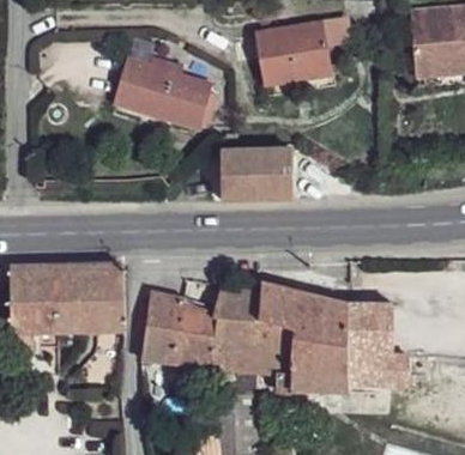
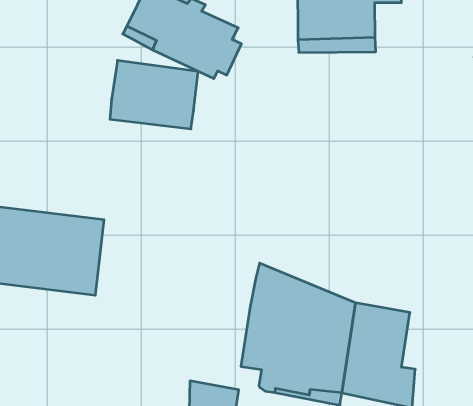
building: [219,147,291,200] -> [110,60,198,129]
building: [140,284,259,371] -> none

